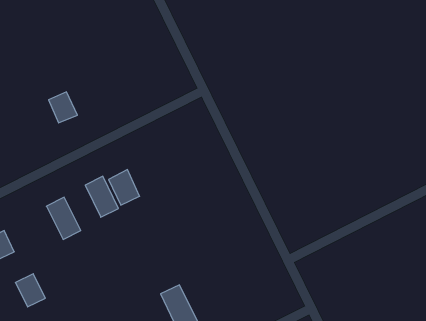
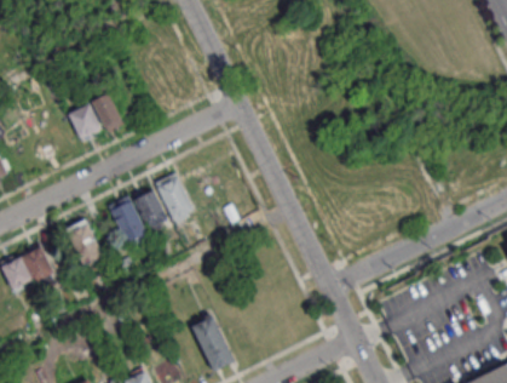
building: none -> [91,91,121,128]
building: none -> [154,170,195,219]
building: [15,274,45,307] -> [21,244,53,280]

